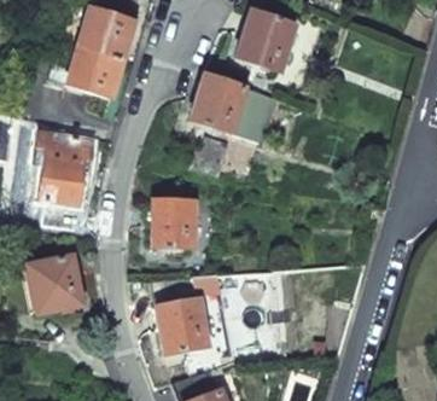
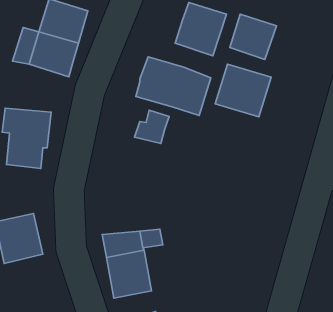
building: none -> [230,14,277,59]
building: none -> [215,64,271,117]
building: [153,199,196,246] -> none

